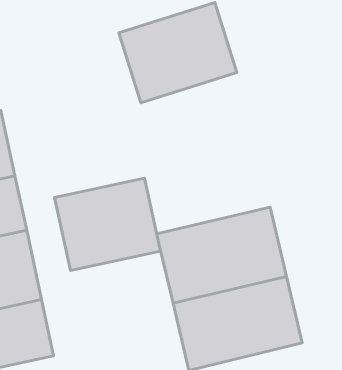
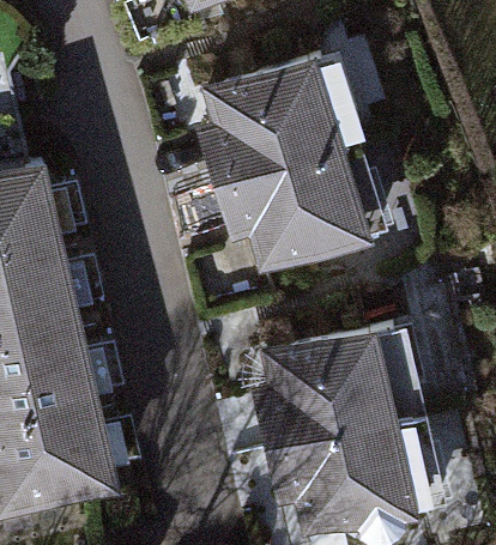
building: none -> [234,140,387,270]
building: [54,178,160,271] -> none

